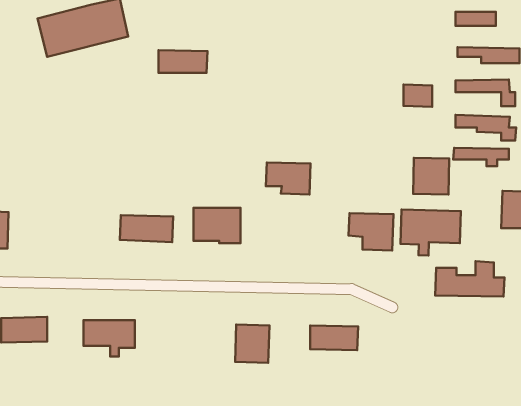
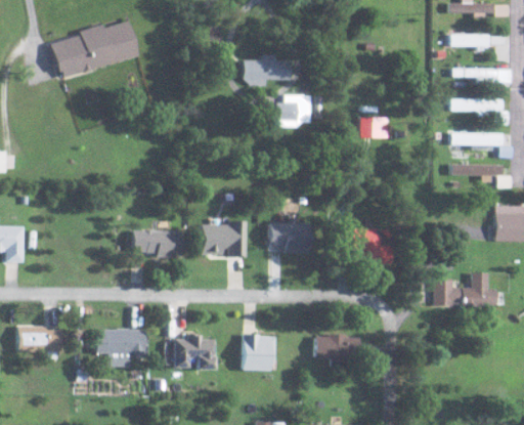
building: [158,50,208,73] -> [244,59,291,81]
building: none -> [275,94,310,127]
building: [403,84,432,107] -> [360,117,388,138]
building: [413,158,449,194] -> none
building: [266,162,311,195] -> [267,222,310,253]
building: [400,209,461,255] -> none
building: none -> [172,333,215,368]

